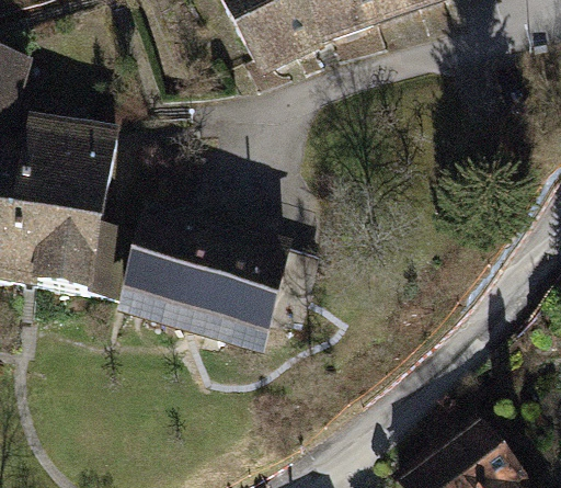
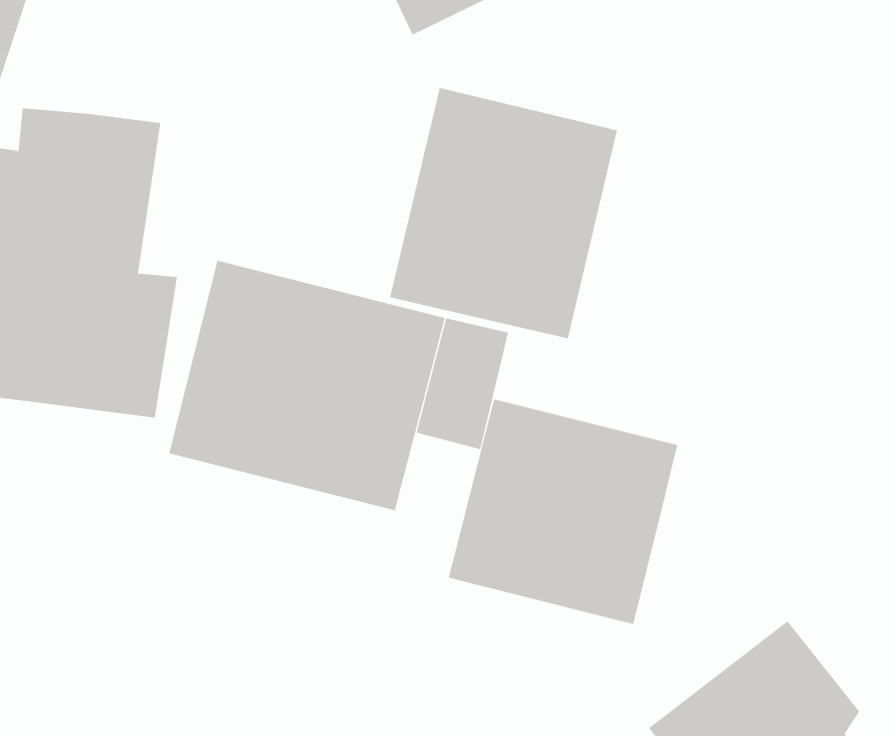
building: none -> [389,87,618,339]
building: none -> [448,399,678,625]

